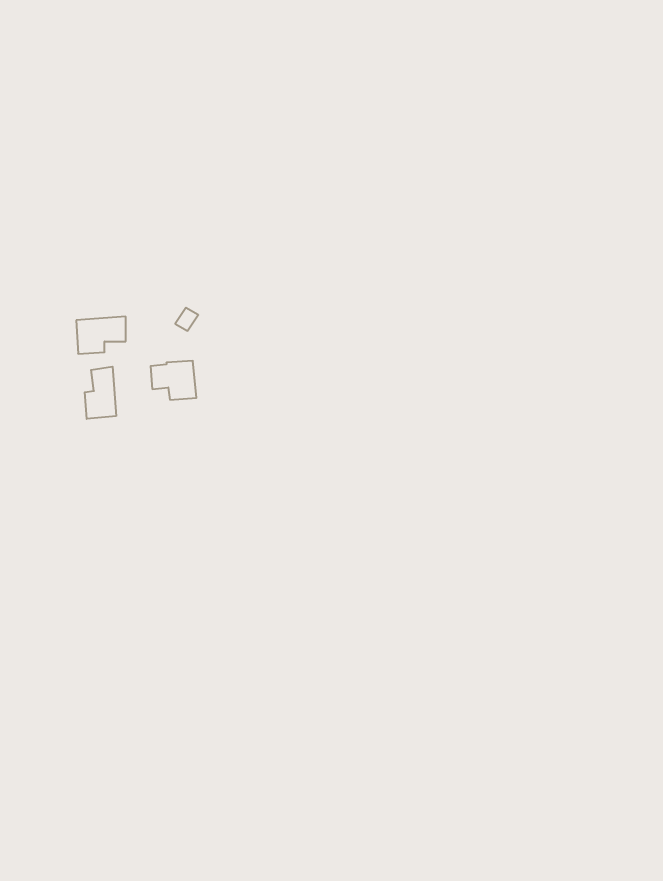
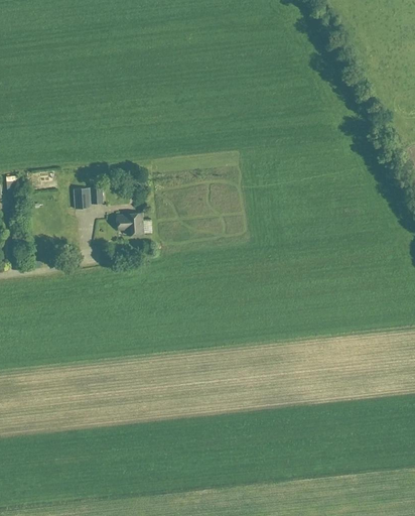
building: [85,367,116,419] -> none

